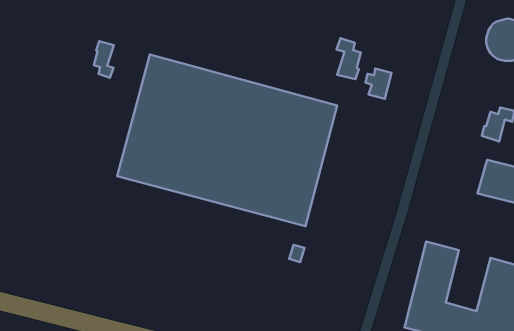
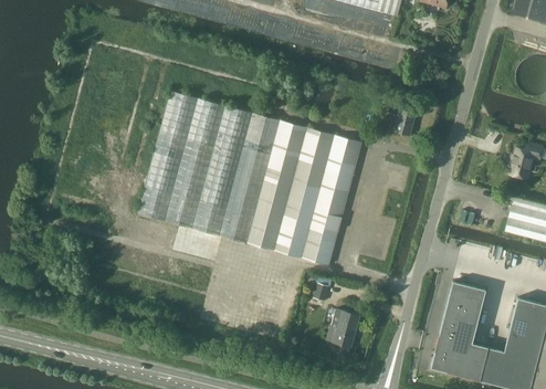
building: [337,38,361,79] -> none
building: [94,41,114,78] -> none
building: none -> [332,312,360,348]

